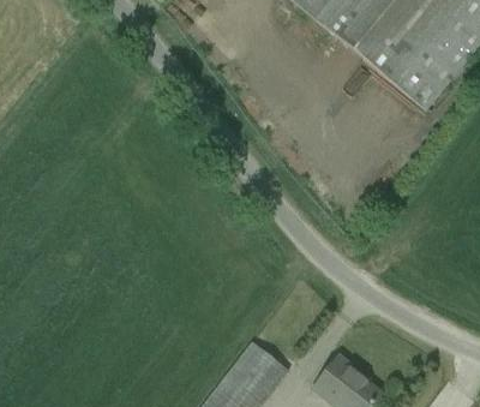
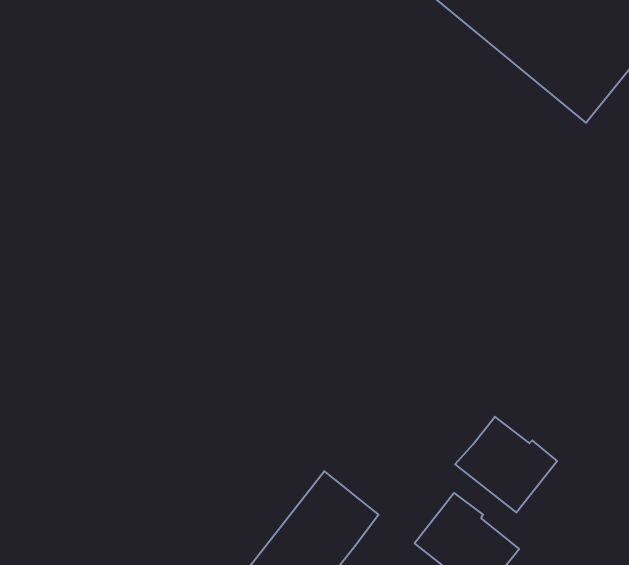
building: none -> [455,417,557,513]

